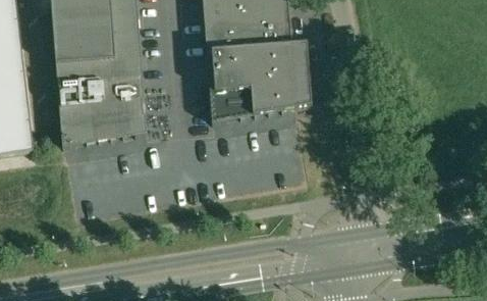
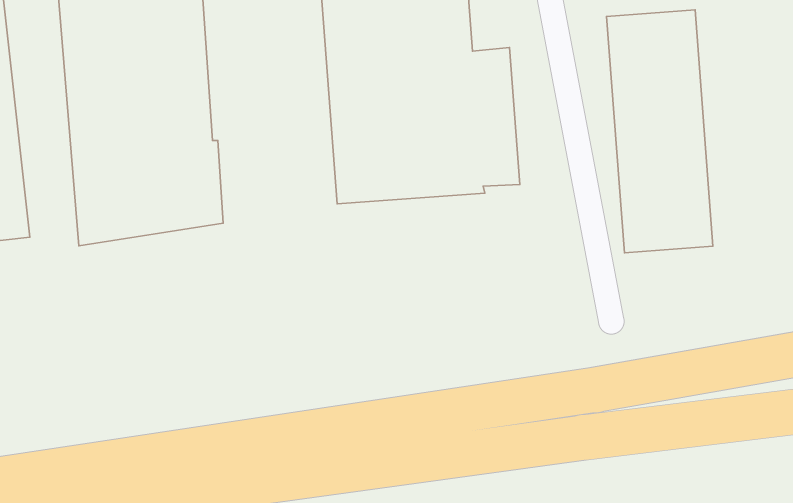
building: none -> [607,10,713,253]

